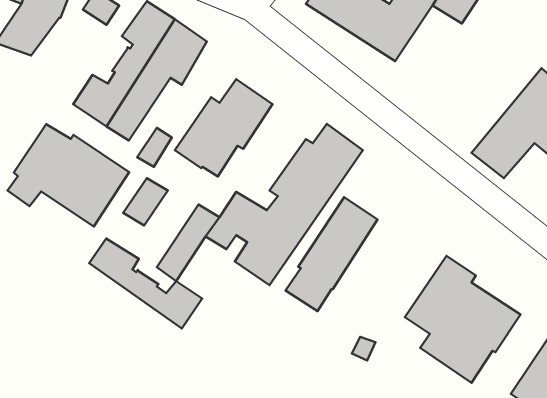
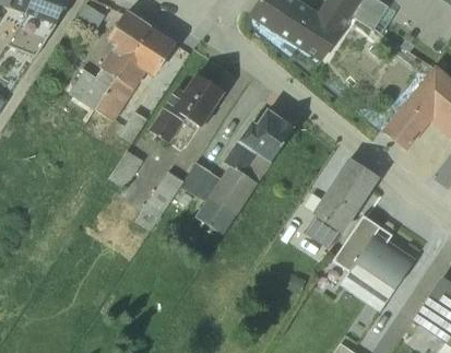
building: [8,124,129,227] -> none
building: [286,197,378,311] -> [304,158,376,248]
building: [89,239,202,329] -> none

